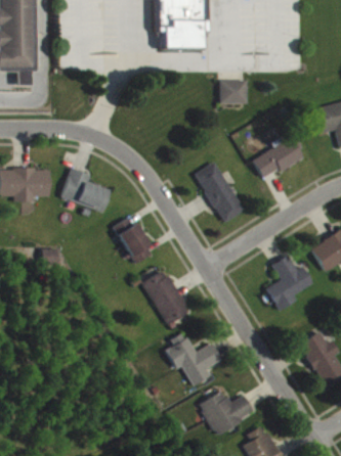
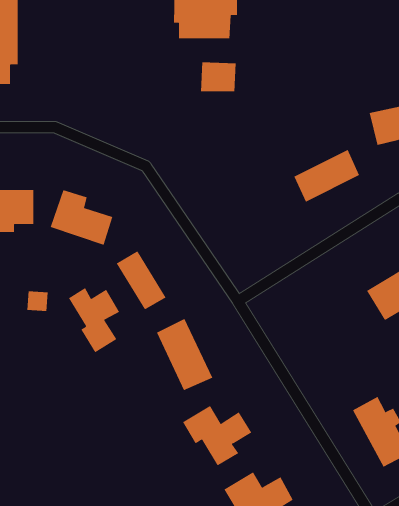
building: [220,79,249,102] -> [200,62,236,92]
building: [195,161,245,222] -> none
building: none -> [68,287,120,353]
building: [266,254,312,310] -> none

